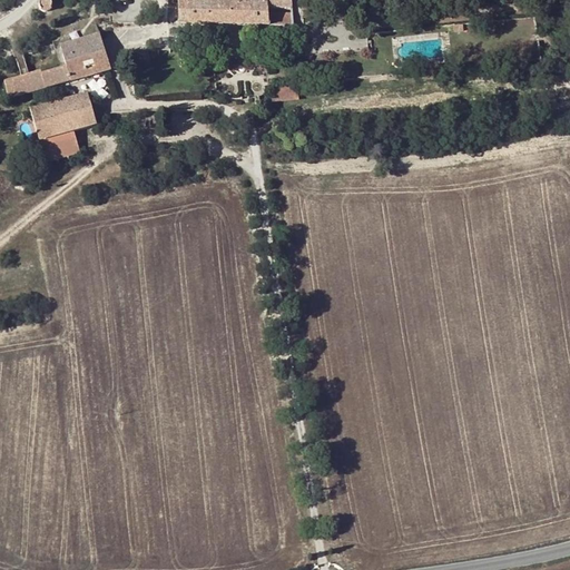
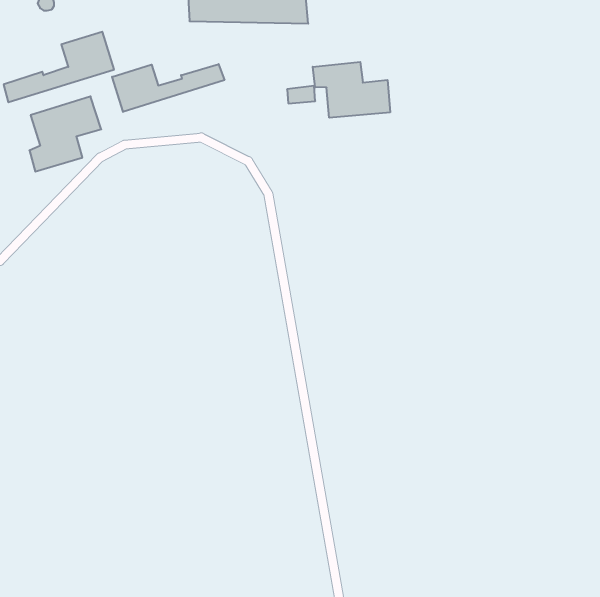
building: none -> [313,62,390,118]
building: none -> [112,64,224,112]

